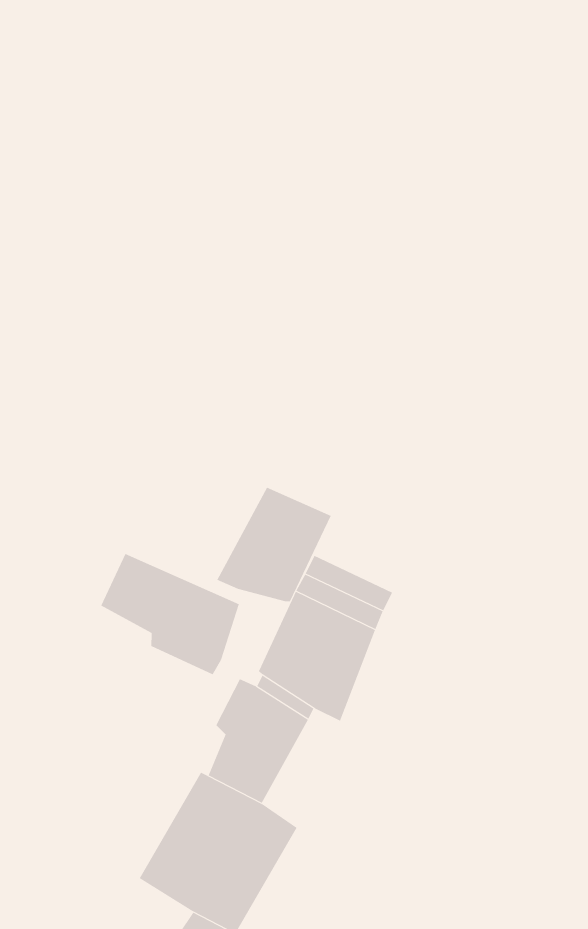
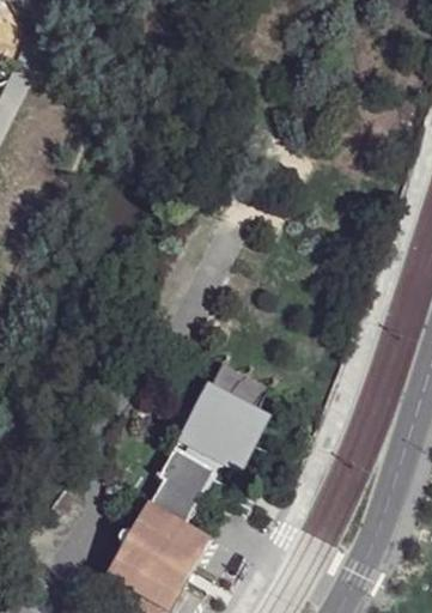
building: [216,487,331,602] -> none
building: [101,553,240,675] -> none

